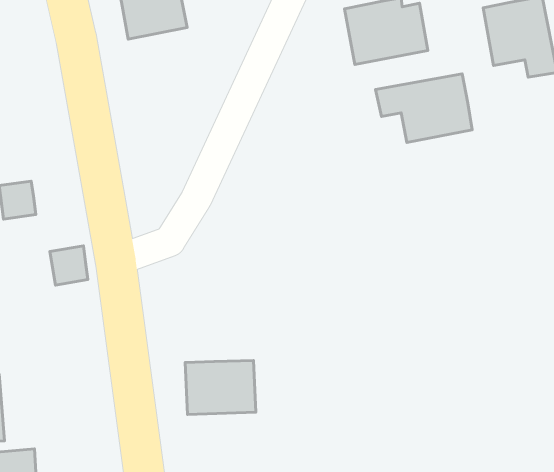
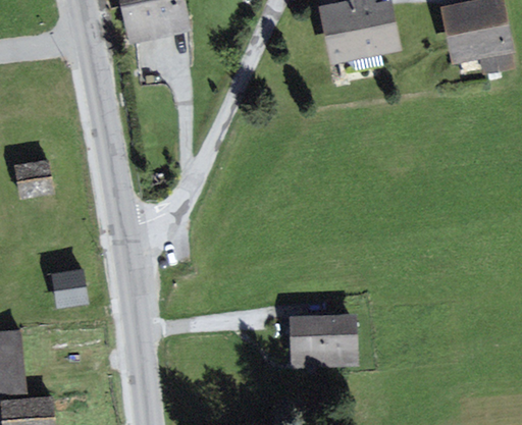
building: [375,74,472,142] -> none
building: [50,246,88,285] -> [52,270,86,305]
building: [185,360,256,415] -> [291,315,353,363]

